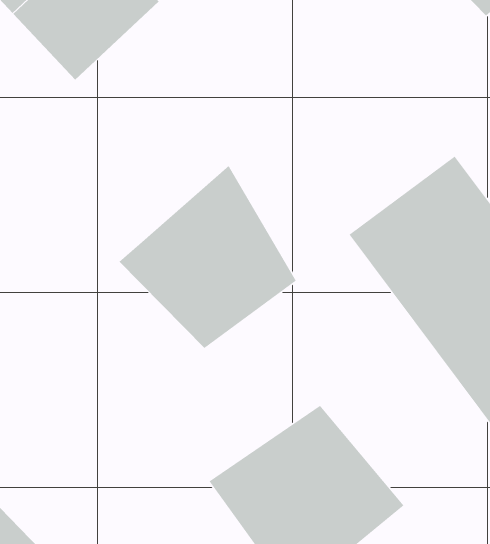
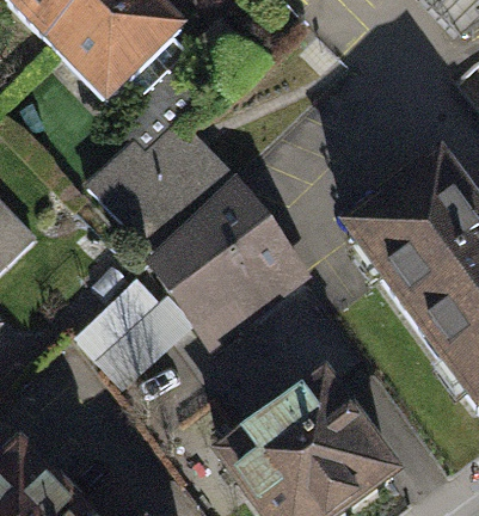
building: none -> [92,115,242,240]
building: none -> [84,275,197,381]

